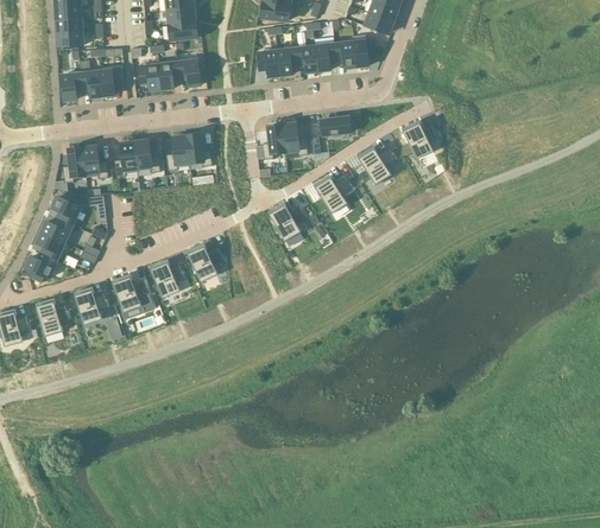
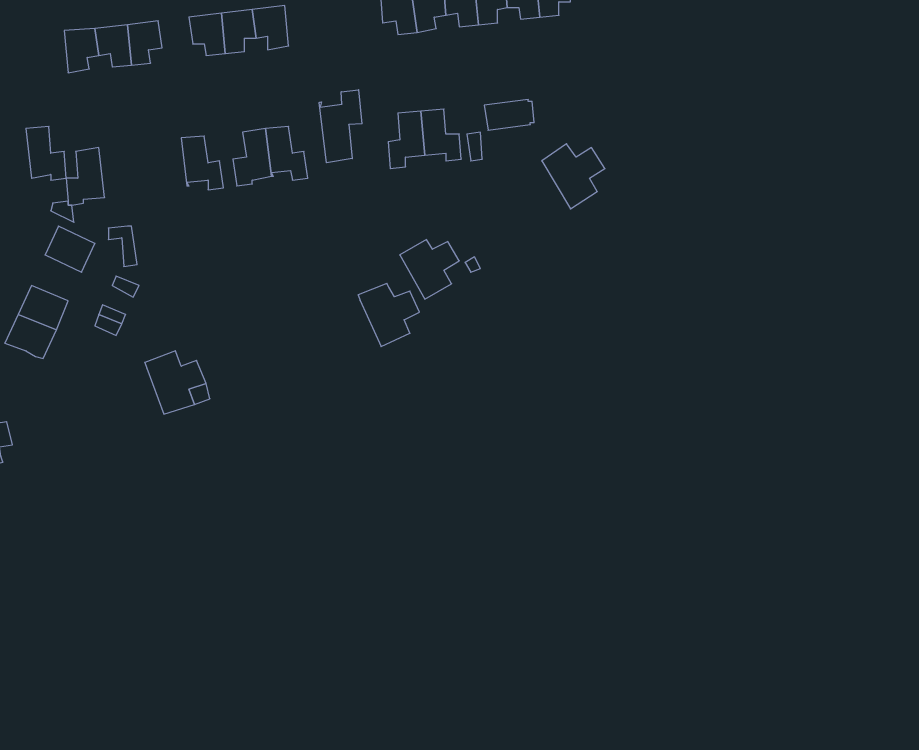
building: none -> [319,90,362,163]
building: [400,119,440,159] -> none
building: [113,140,137,176] -> none
building: [82,145,107,178] -> [26,126,66,180]
building: [312,173,352,212] -> none
building: [40,212,71,241] -> none
building: [185,242,223,281] -> [358,283,419,347]
building: [150,261,184,297] -> none
building: [72,285,107,324] -> none
building: [34,297,68,335] -> none

